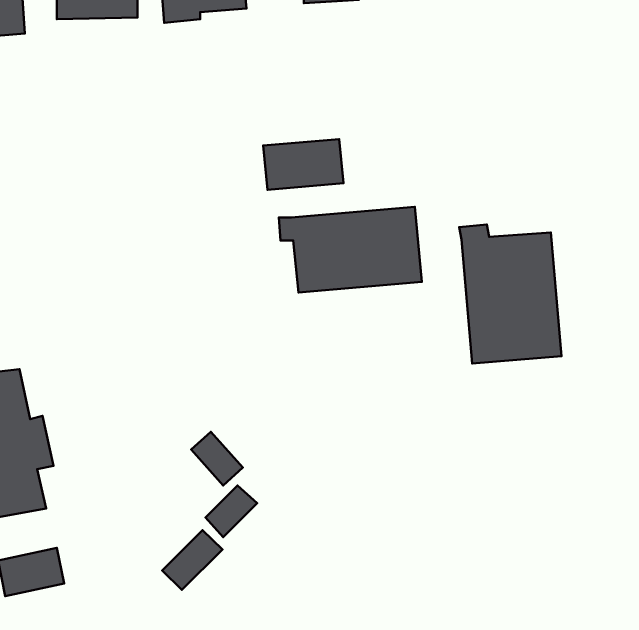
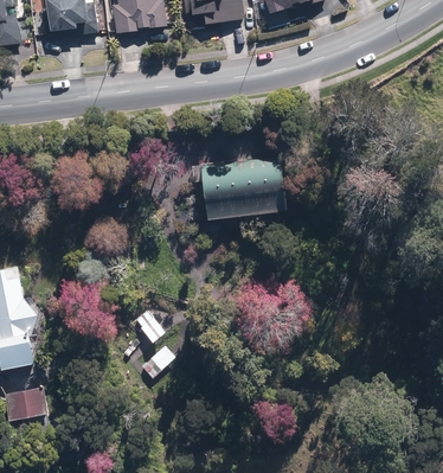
building: [263,139,344,190] -> none
building: [459,225,562,363] -> none
building: [162,530,222,590] -> none

